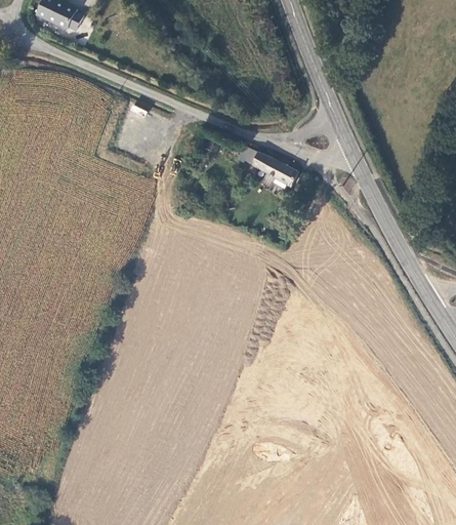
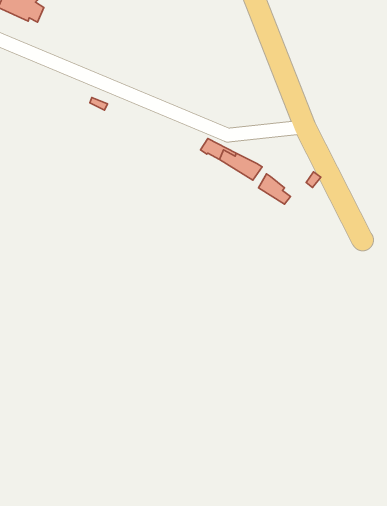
building: none -> [258,174,291,204]

